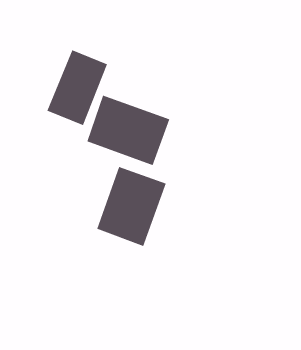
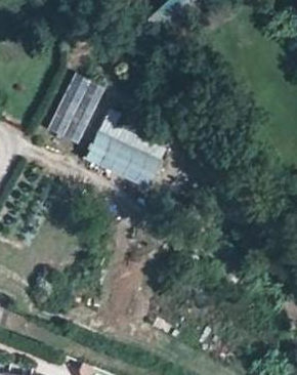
building: [97,166,166,247] -> none

